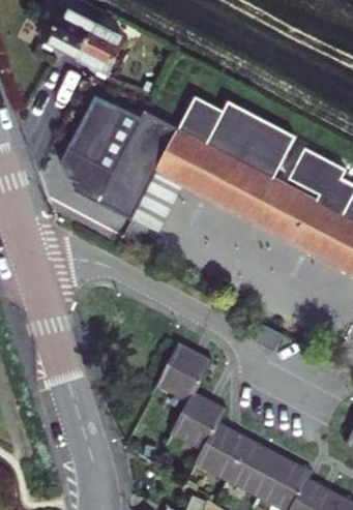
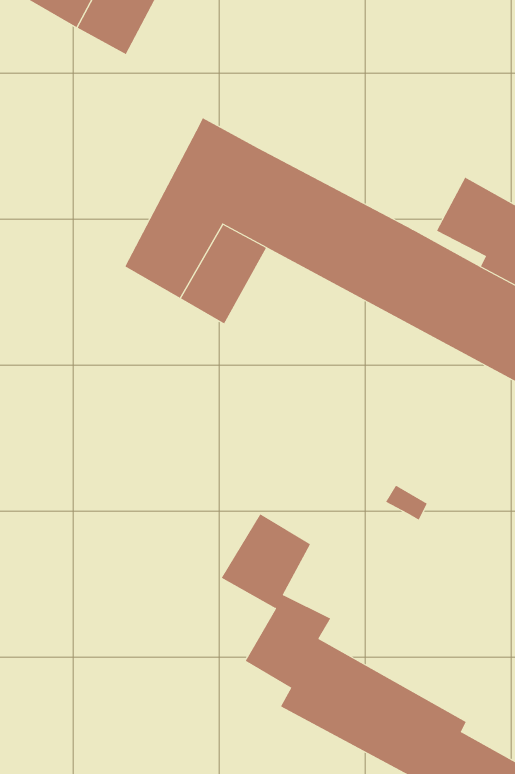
building: [54,86,143,216] -> none
building: [181,92,298,174] -> none

